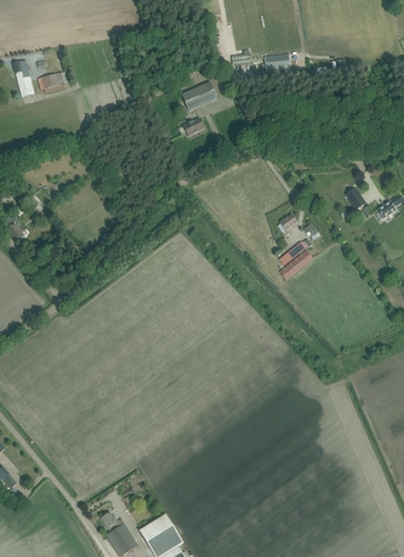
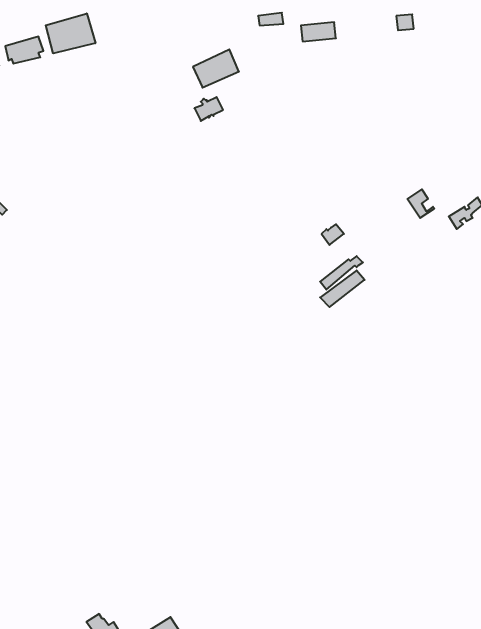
building: none -> [46,13,95,53]

